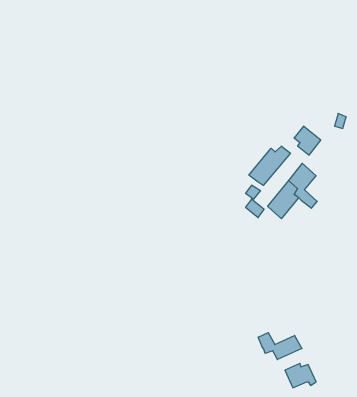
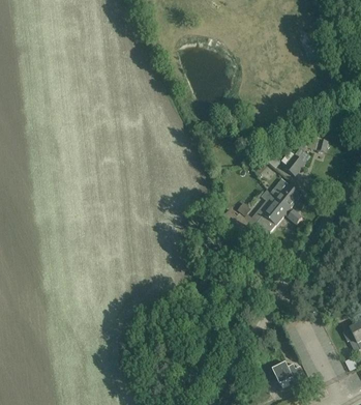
building: [249,146,290,185] -> none
building: [258,333,302,360] -> none

